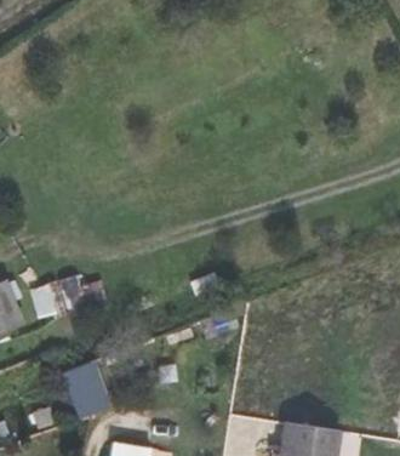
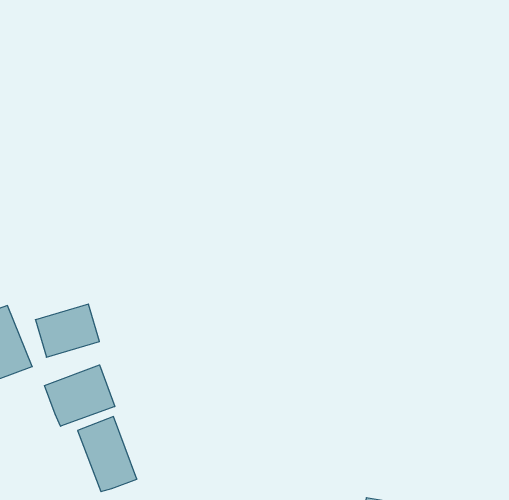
building: none -> [45,365,115,426]

